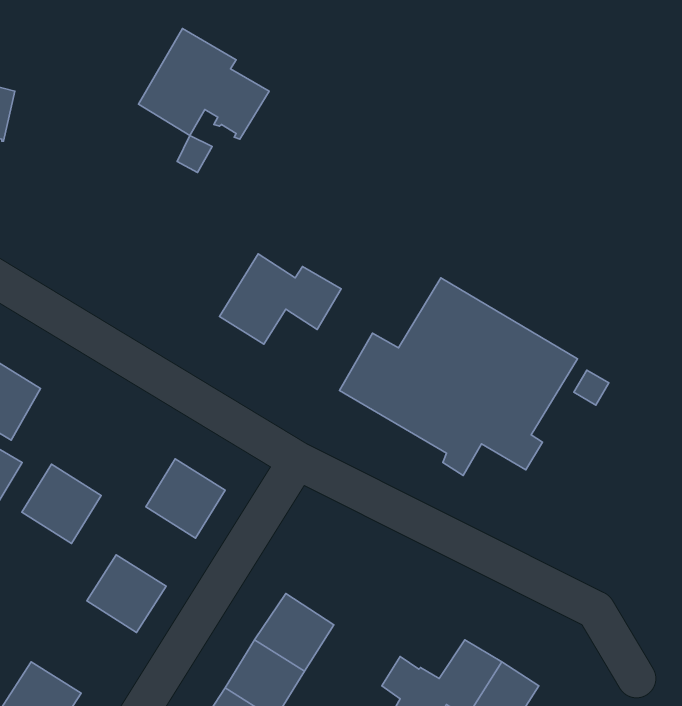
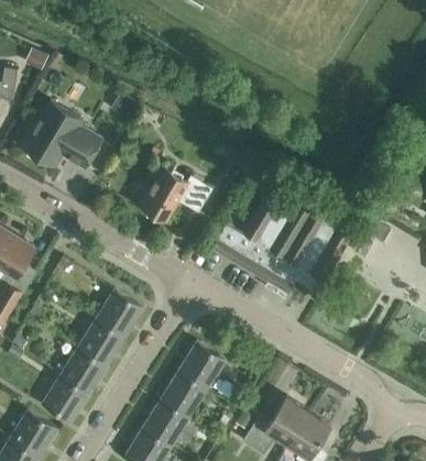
building: [138,28,269,139] -> [23,102,101,168]
building: [22,464,101,544] -> [78,319,125,366]
building: none -> [179,342,227,389]
building: none -> [42,375,90,422]

